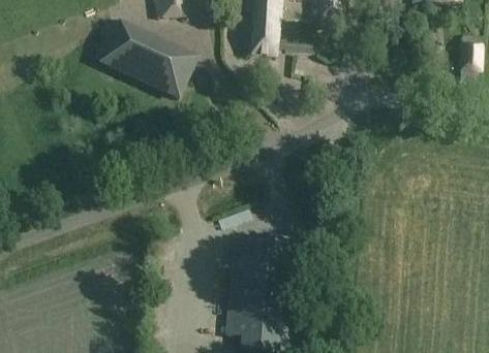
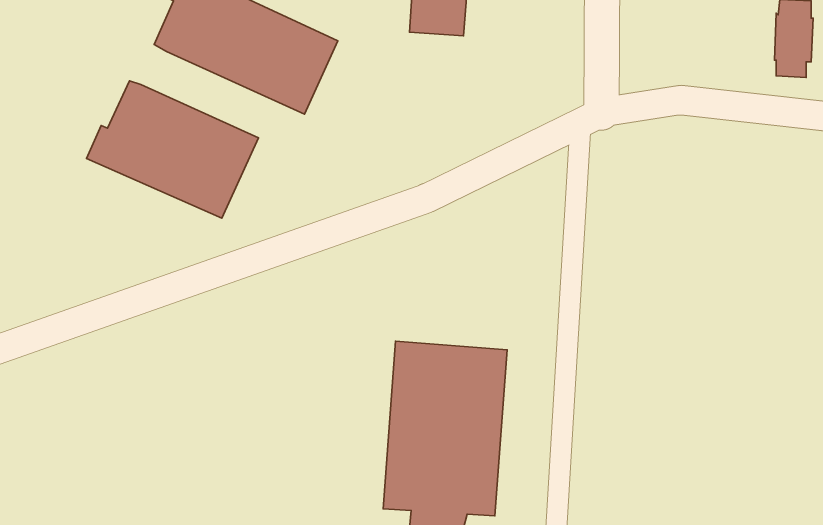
building: none -> [87,81,258,218]

